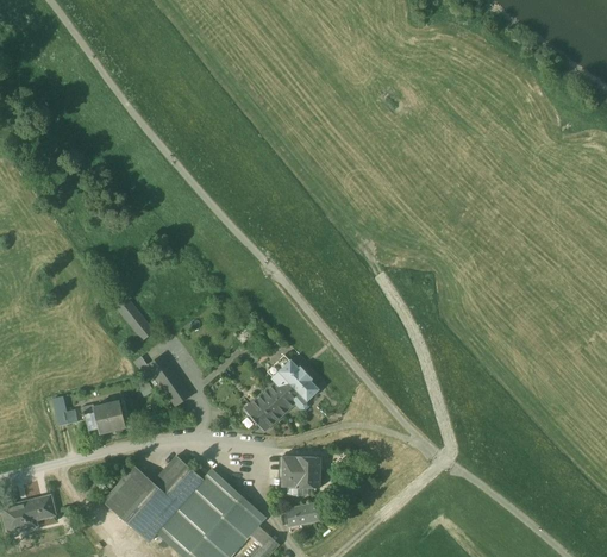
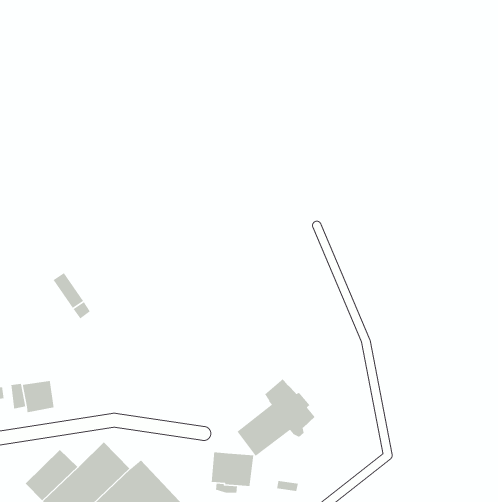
building: [148,353,190,406] -> none
building: [244,353,319,431] -> [236,378,316,457]

